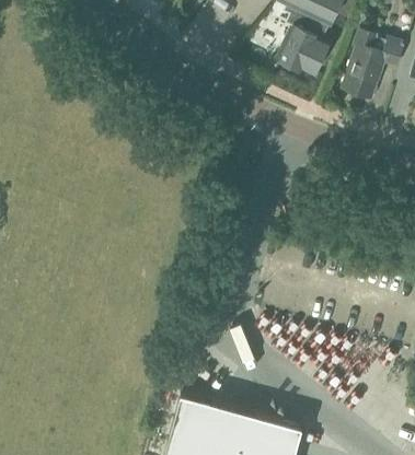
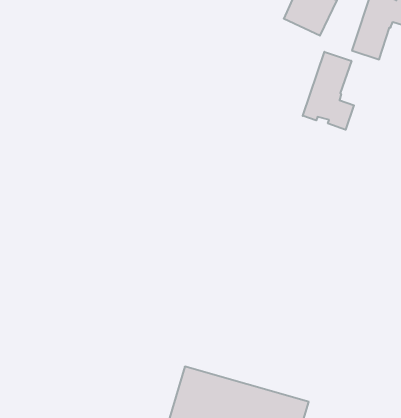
building: none -> [303,52,354,130]

